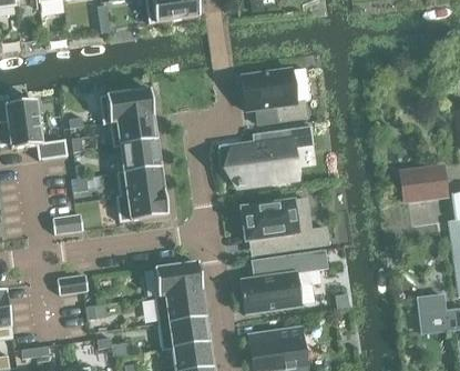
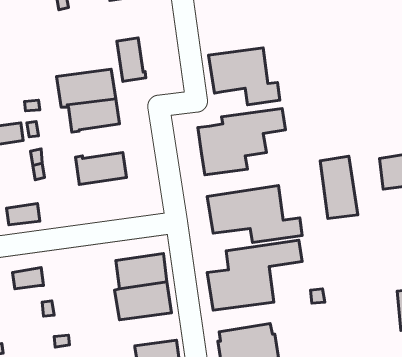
building: none -> [117,38,146,82]
building: [120,139,161,171] -> none
building: none -> [320,156,358,219]
building: [115,189,167,221] -> none
building: [157,315,211,350] -> none

